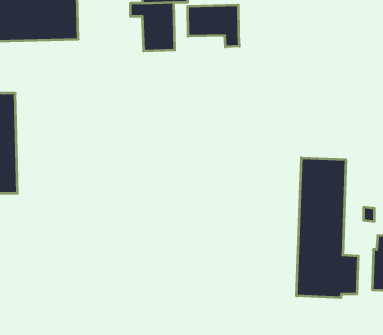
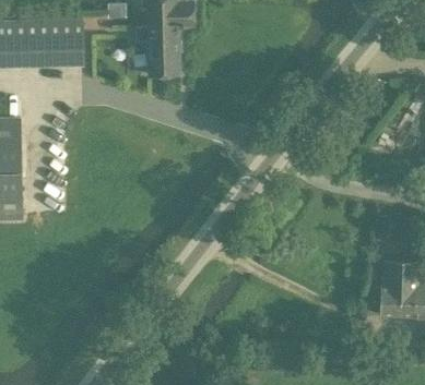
building: [188,5,239,47] -> none
building: [297,158,358,298] -> none

